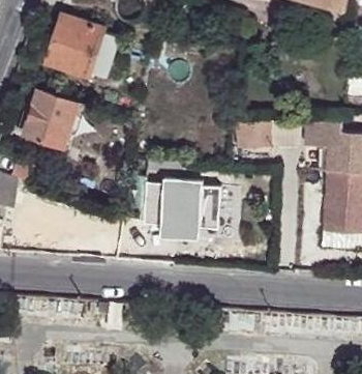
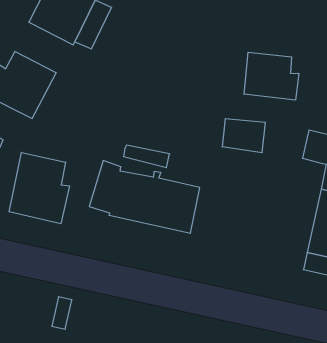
building: none -> [244,52,299,100]
building: none -> [9,152,69,224]

